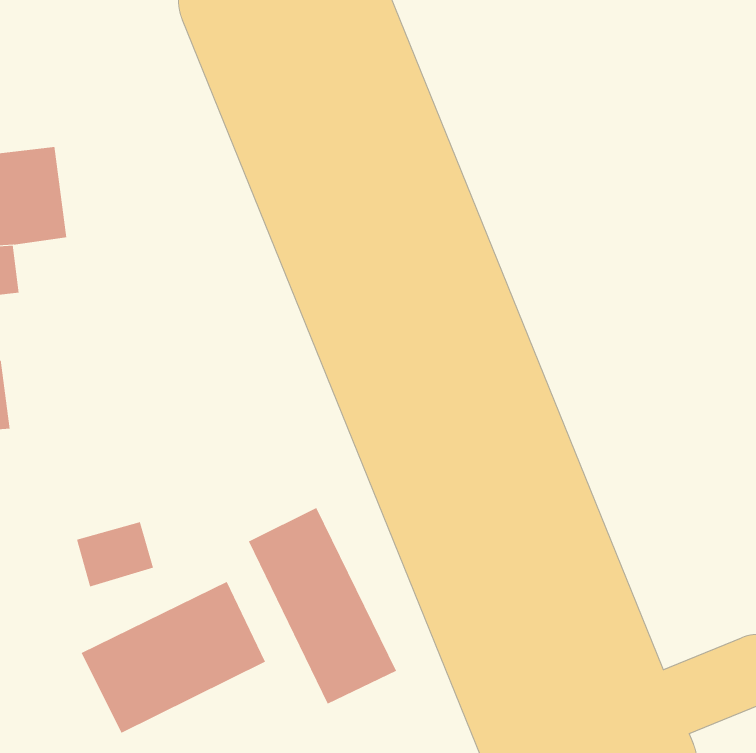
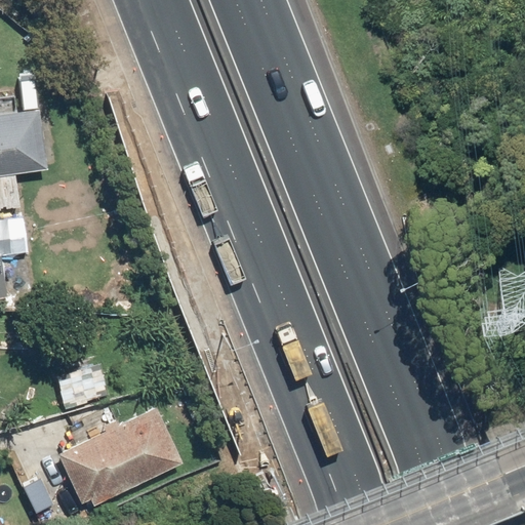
building: [248,507,397,704] -> none

